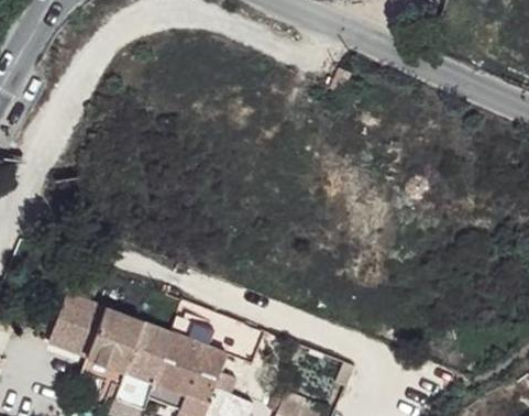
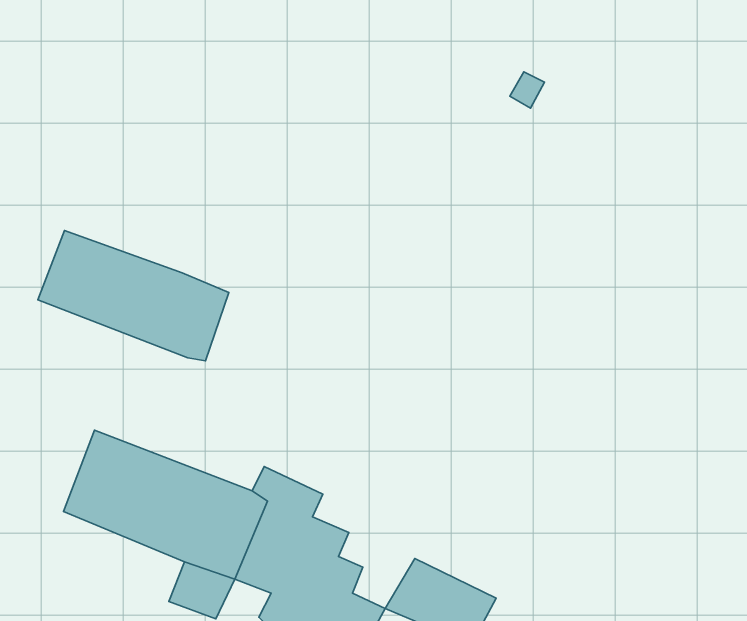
building: none -> [38,231,229,361]

